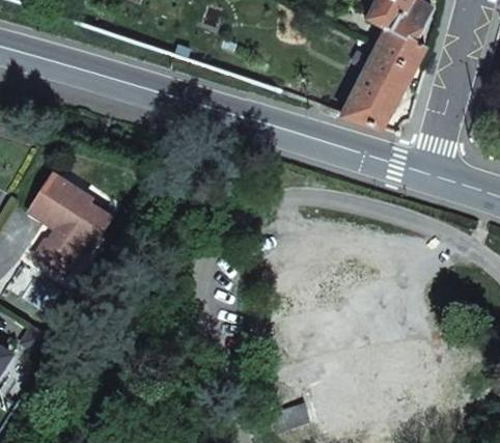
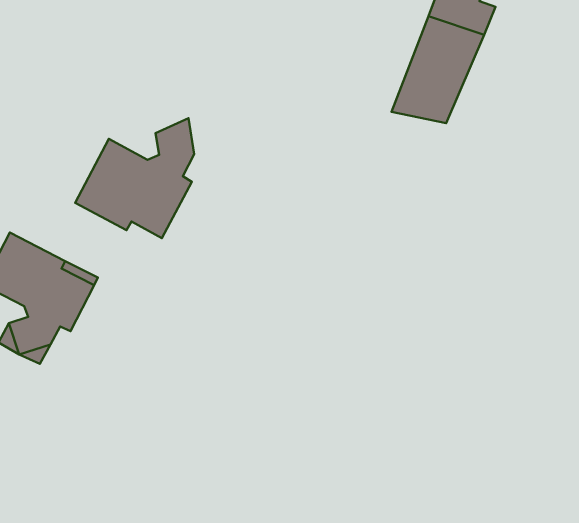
building: none -> [75,118,194,238]

